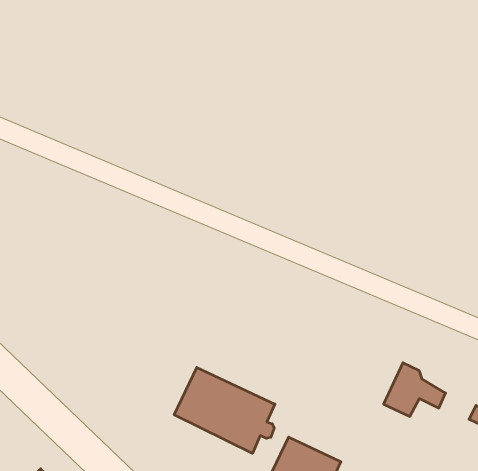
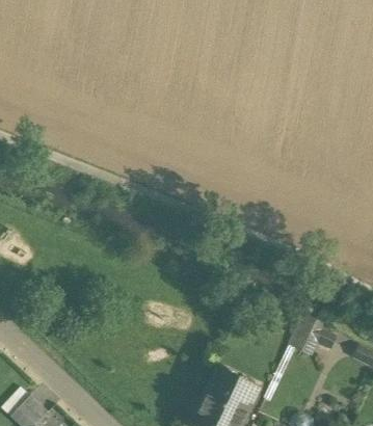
building: [174,367,275,453] -> none

